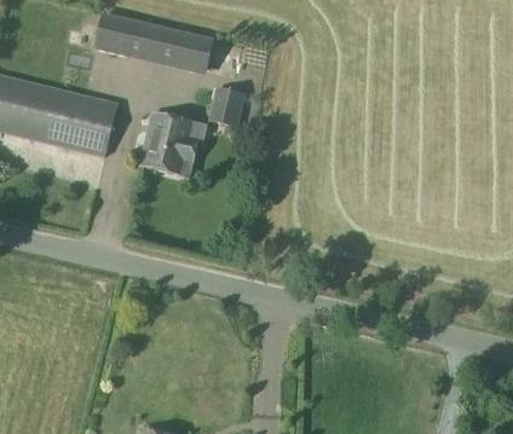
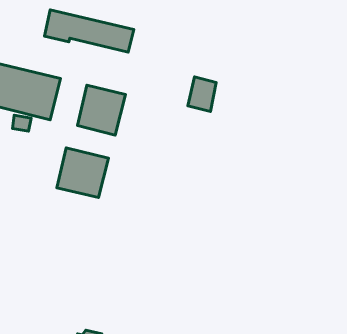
building: [209,83,246,128] -> [188,77,216,112]
building: none -> [57,148,108,198]

